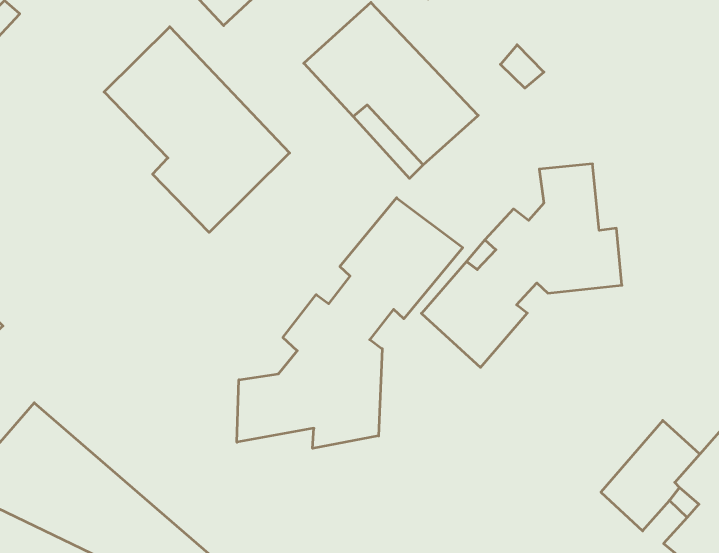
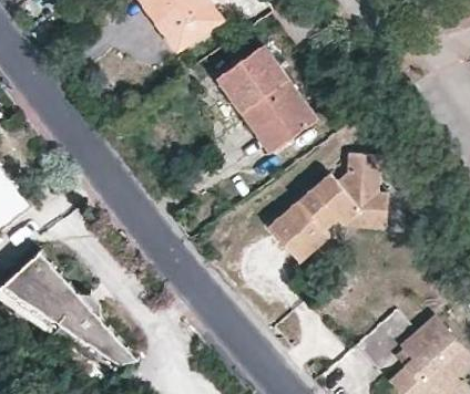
building: [104,27,290,232] -> none
building: [237,198,463,448] -> none

